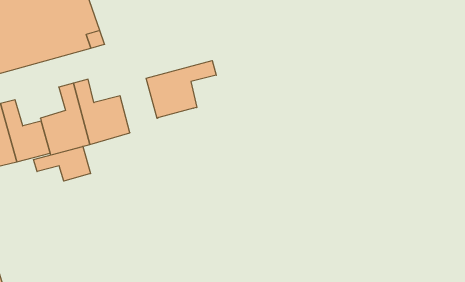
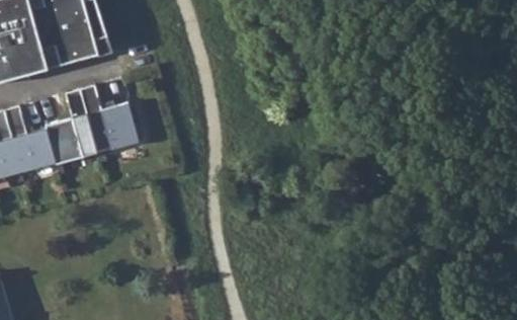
building: [146,61,216,118] -> none
building: [34,146,91,181] -> none

